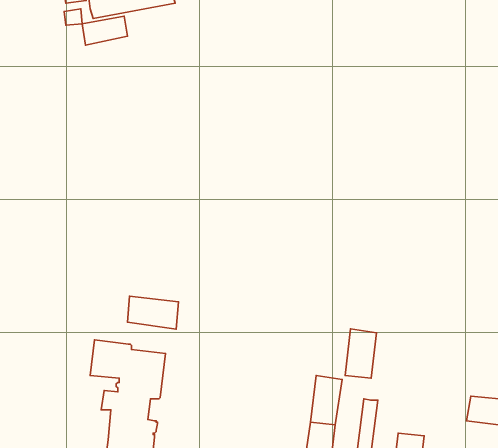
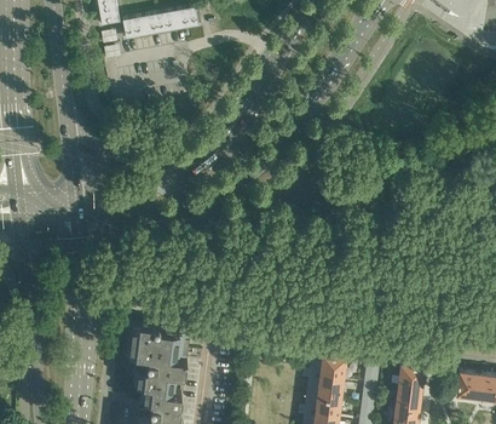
building: [82,16,127,45] -> none
building: [128,296,178,329] -> none
building: [345,329,377,378] -> [396,365,423,408]

